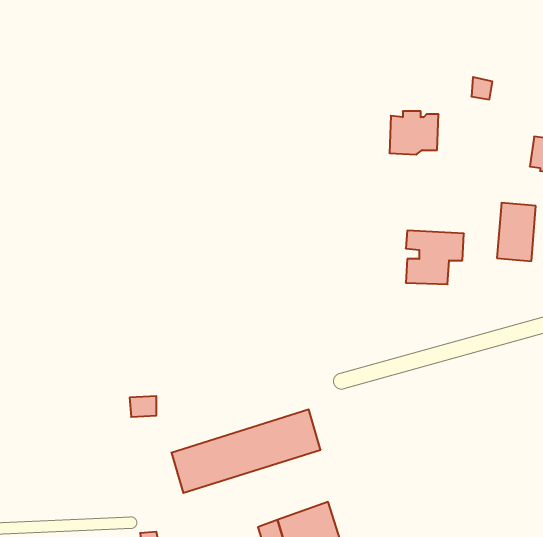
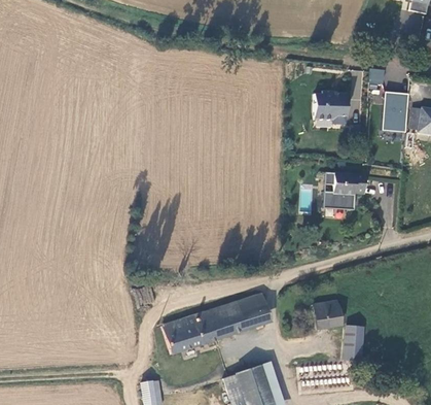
building: [497,203,536,261] -> [383,91,409,131]
building: none -> [314,299,340,328]
building: none -> [345,327,363,359]

